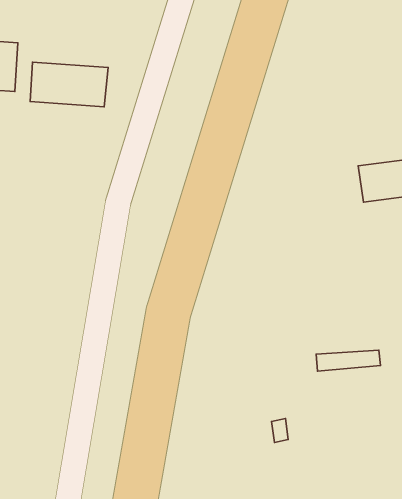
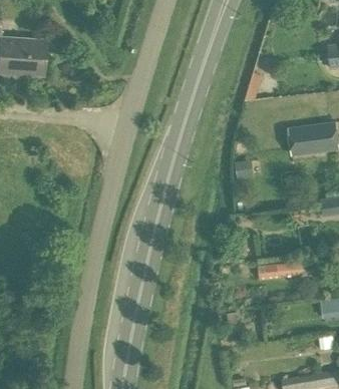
building: [30,62,108,107] -> none

